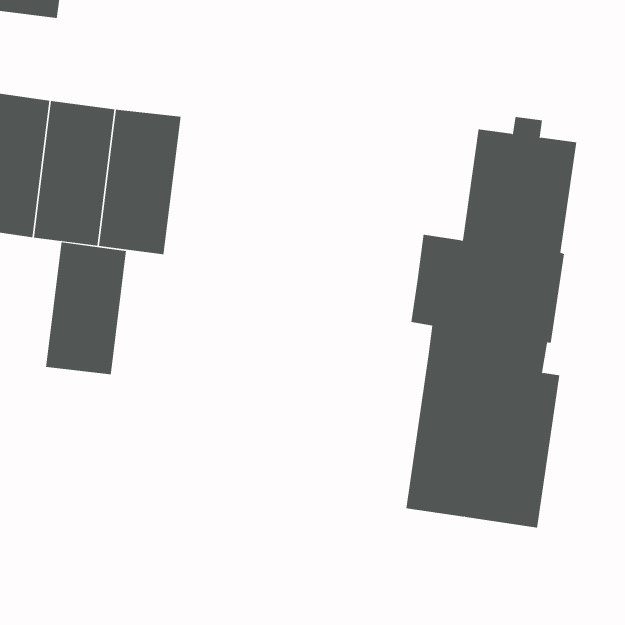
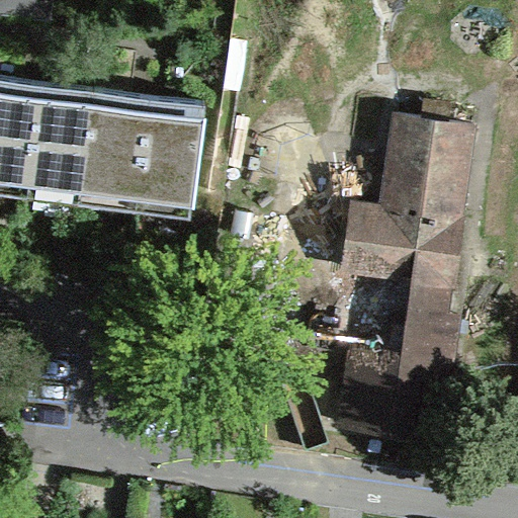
building: none -> [136,96,205,218]
building: [45,241,126,375] -> none

